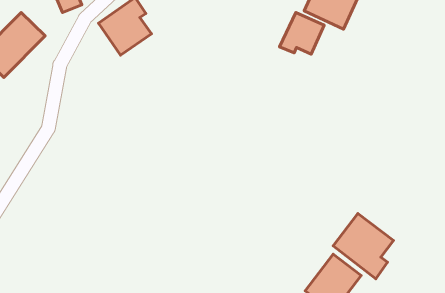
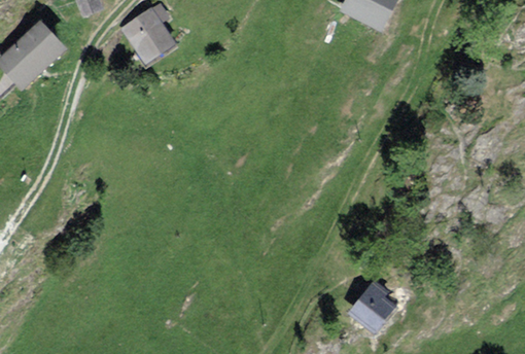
building: [280,12,324,54] -> none
building: [333,213,394,279] -> none

